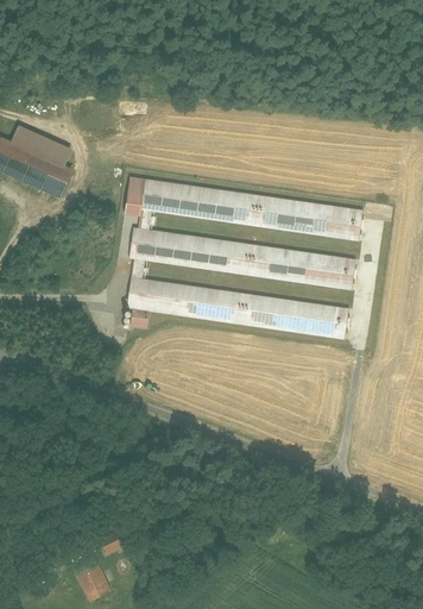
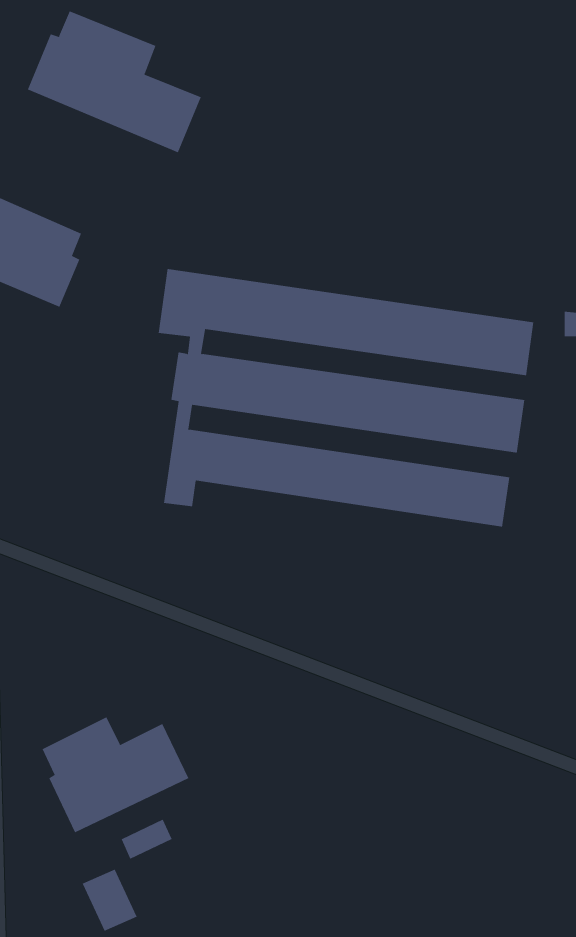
building: none -> [27,11,201,153]
building: none -> [42,717,189,833]

